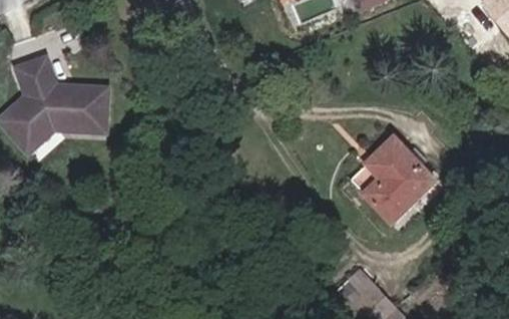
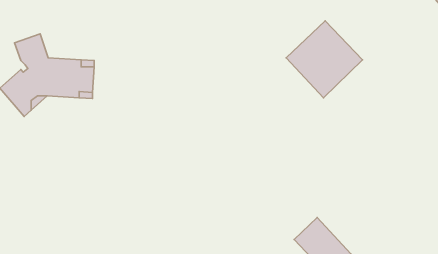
building: [351,137,437,225] -> [286,21,363,98]

